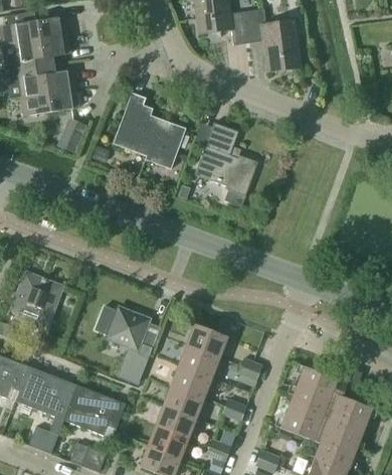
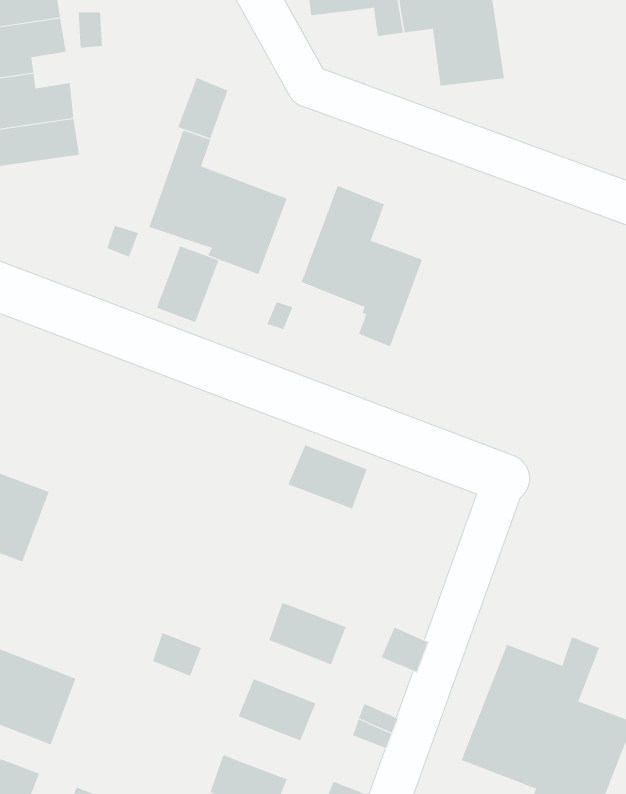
building: none -> [178,77,228,139]
building: [56,118,86,153] -> none
building: none -> [156,245,219,323]
building: [94,305,150,350] -> none
building: [185,323,227,357] -> [288,445,368,509]
building: [170,364,211,398] -> none
building: [63,384,125,436] -> none
building: [154,405,195,438] -> none

